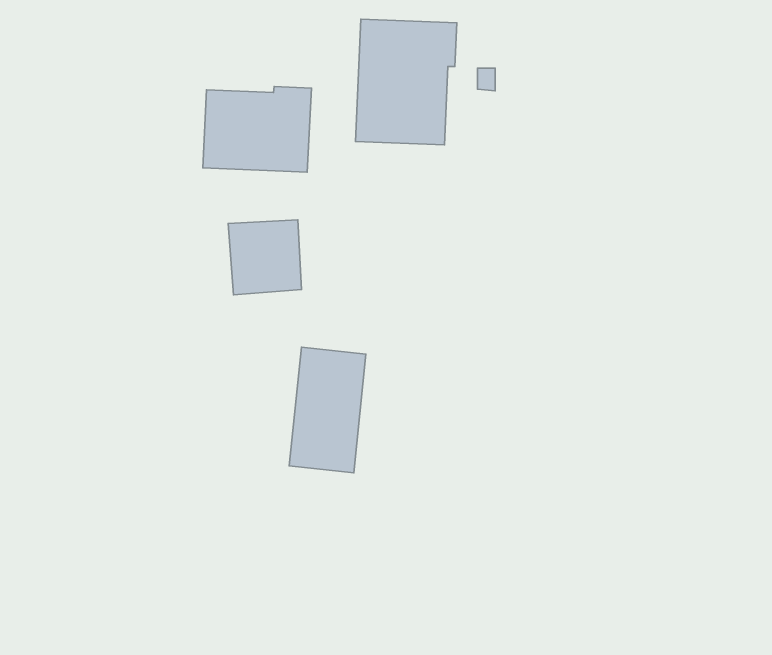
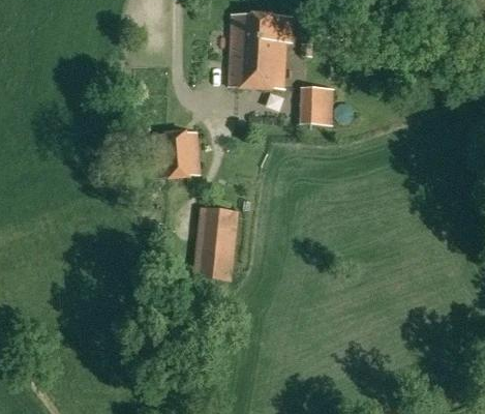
building: [203,86,311,172] -> none
building: none -> [303,85,333,124]

